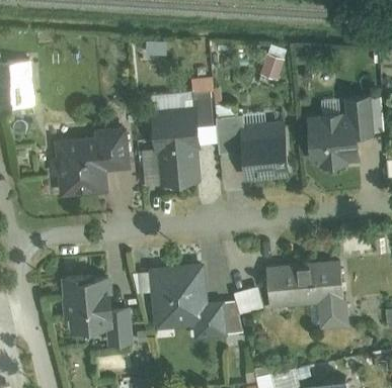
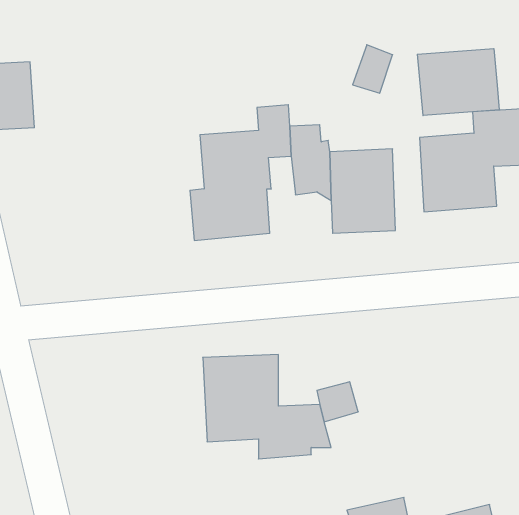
building: none -> [417,49,499,116]
building: [48,127,130,198] -> none
building: [267,261,348,327] -> none
building: [61,279,131,349] -> none

